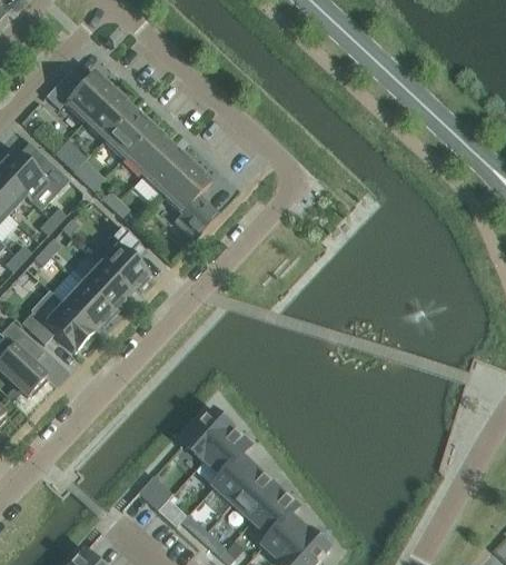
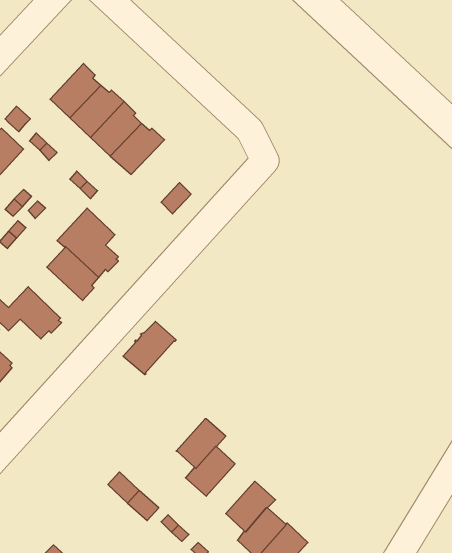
building: [46,69,116,121] -> none
building: [161,160,211,212] -> none
building: [62,282,115,331] -> none
building: [183,409,235,460] -> [123,321,176,375]
building: [234,472,280,519] -> none

